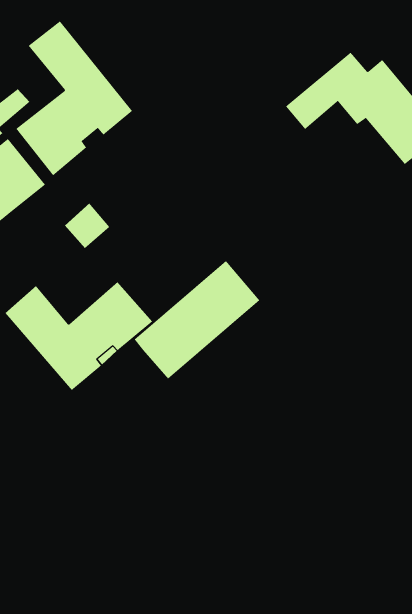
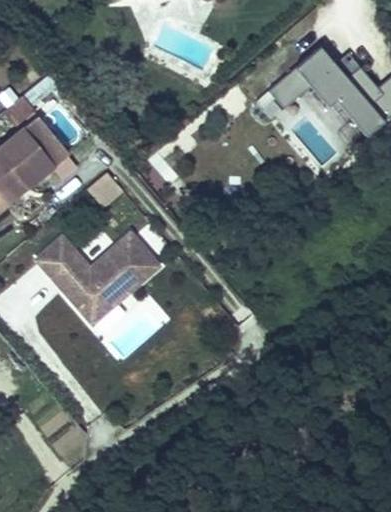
building: [16,21,133,176] -> none
building: [134,260,260,379] -> none

